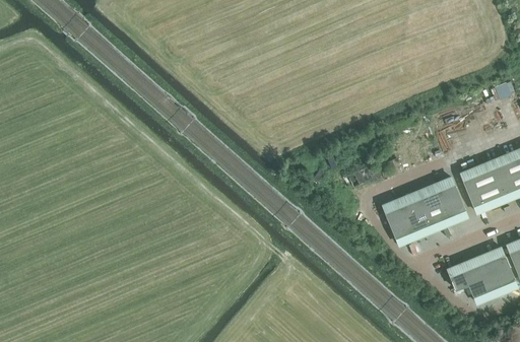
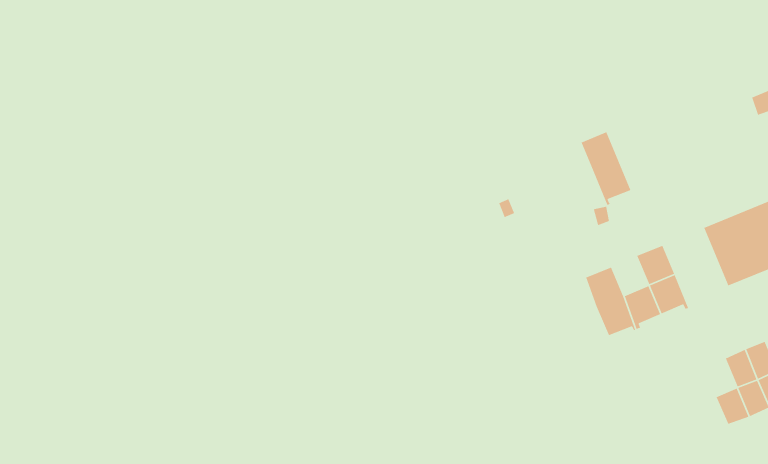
building: [434,177,467,225] -> [580,131,632,206]
building: [400,191,425,217] -> none
building: [447,258,482,288] -> none

